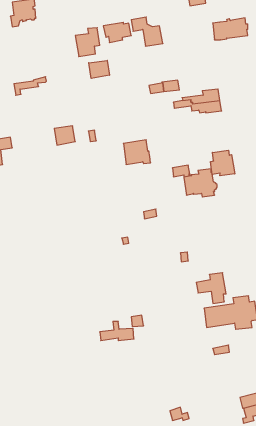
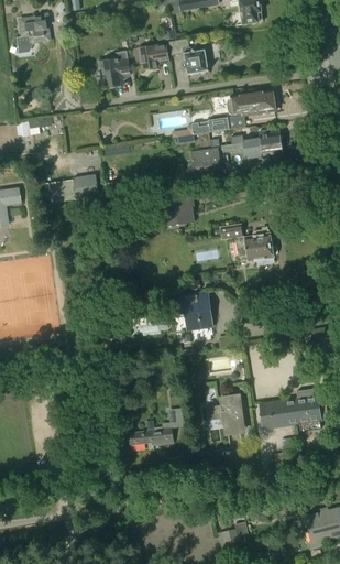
building: [213,18,248,40] -> [232,88,276,116]
building: [89,60,109,78] -> none
building: none -> [191,148,221,172]
building: [210,150,235,176] -> none
building: none -> [176,291,211,328]
building: [196,273,226,303] -> [206,394,243,433]

